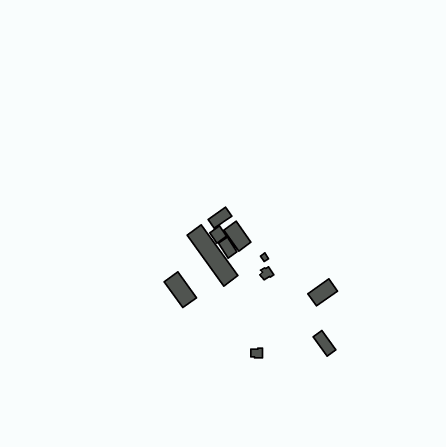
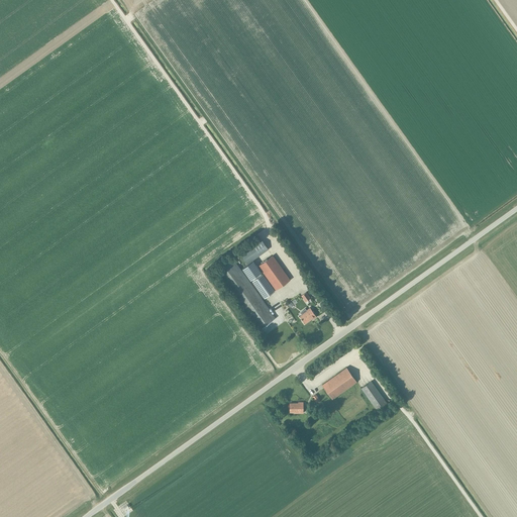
building: [164,272,197,308] -> none
building: [308,279,338,306] -> [323,368,357,399]

